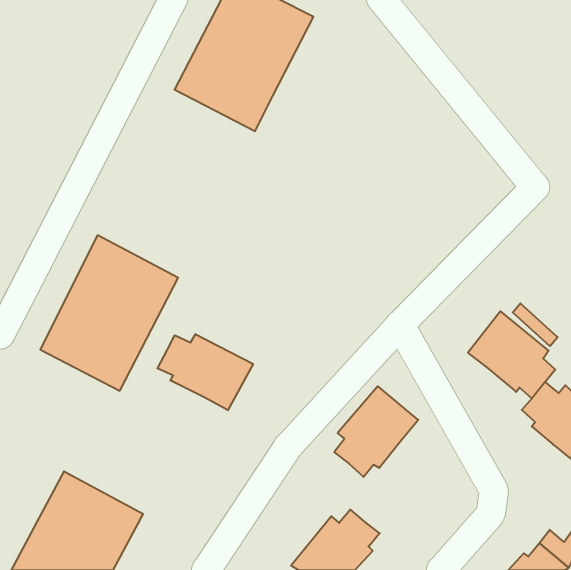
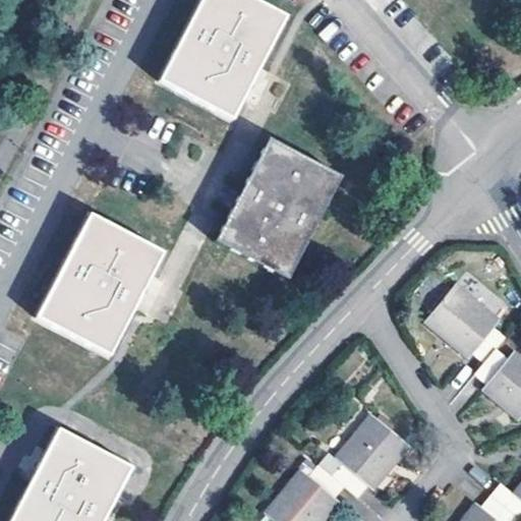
building: none -> [215,138,342,279]
building: [157,334,253,410] -> none
building: [334,386,418,477] -> [333,414,409,497]

